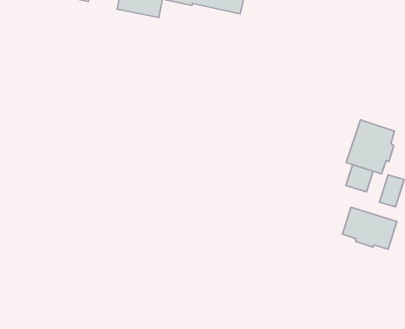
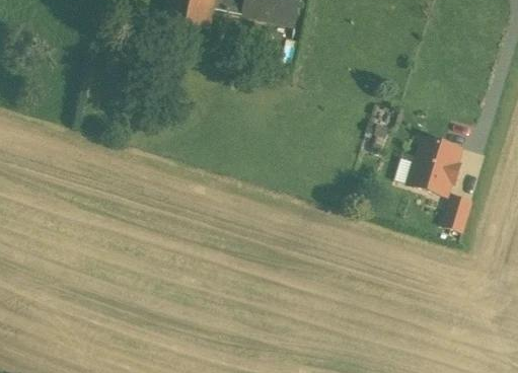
building: [346,165,373,192] -> none
building: [342,207,397,249] -> none

